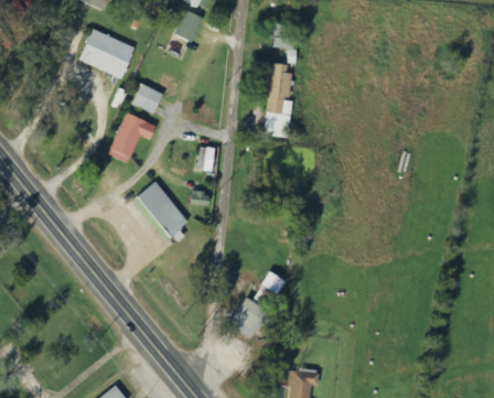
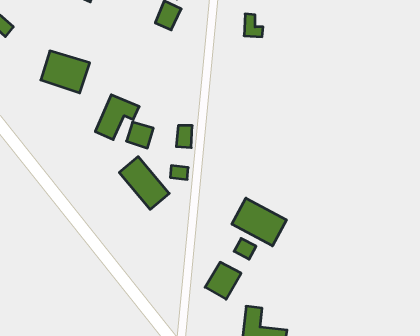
building: [80,31,135,77] -> [41,51,90,93]
building: [262,62,292,138] -> none
building: [132,85,162,114] -> [126,122,153,148]
building: none -> [232,198,286,246]

